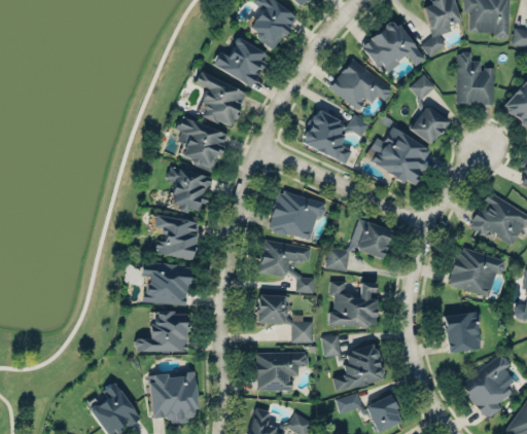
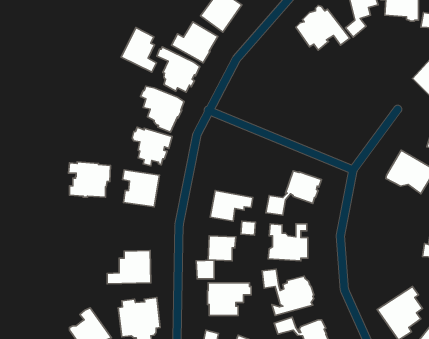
building: none -> [121,28,156,72]
building: [457,56,494,107] -> none
building: [330,62,394,111] -> none
building: [410,74,450,142] -> none
building: [304,107,370,162] -> none
building: [372,125,428,184] -> none
building: [269,192,322,243] -> none
building: [449,247,507,297] -> none
building: [142,261,192,303] -> [69,162,111,197]
building: [444,314,482,355] -> none
building: [291,322,313,345] -> [196,260,214,279]

